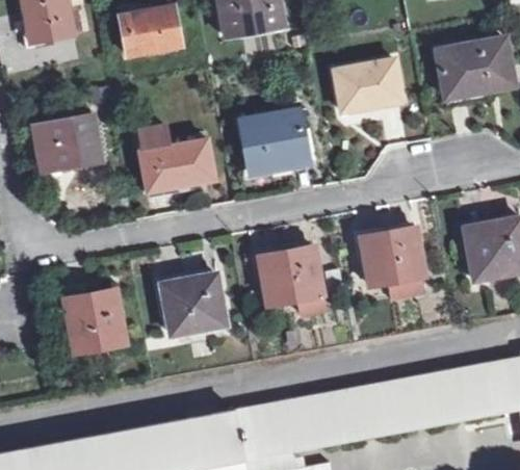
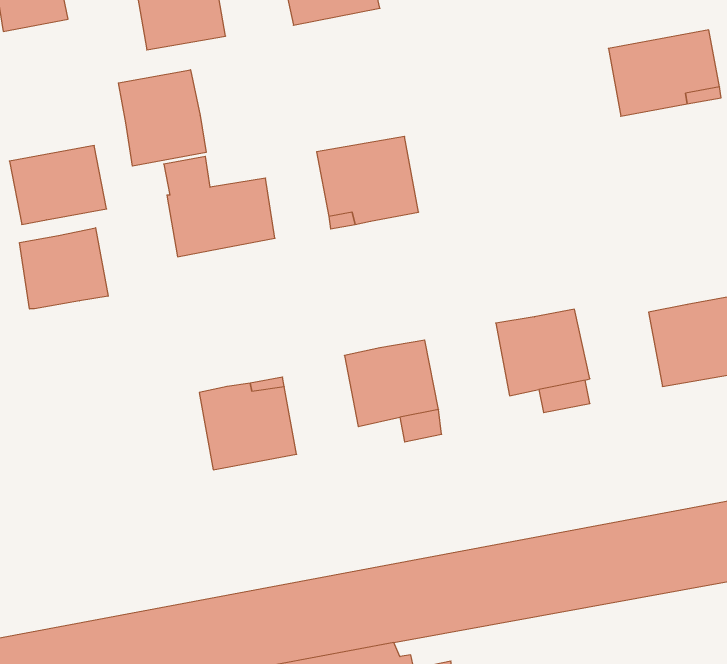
building: [332,59,400,112] -> none
building: none -> [118,70,206,166]
building: none -> [20,228,108,309]
building: [64,291,124,351] -> none

